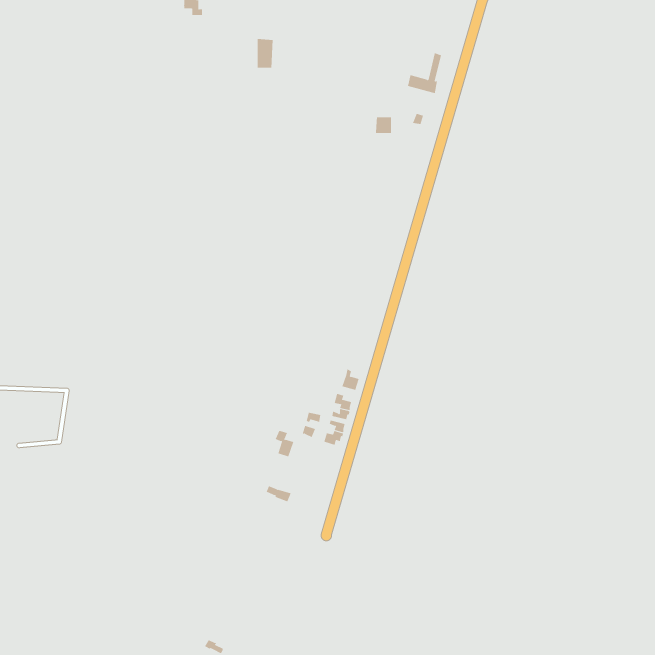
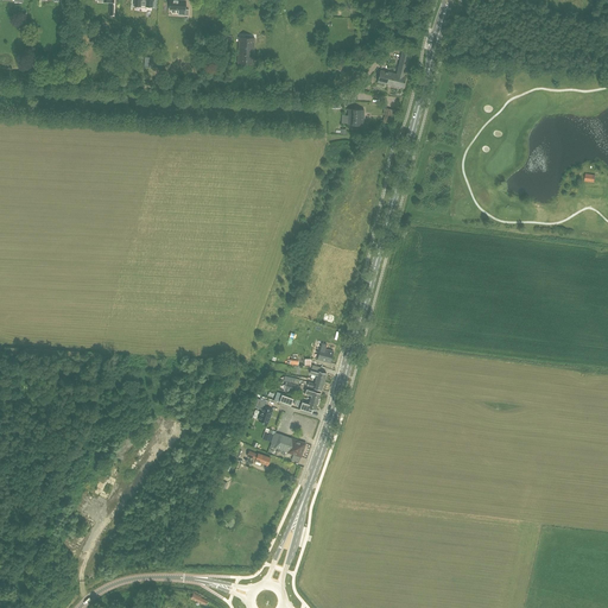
building: none -> [268,431,304,461]

